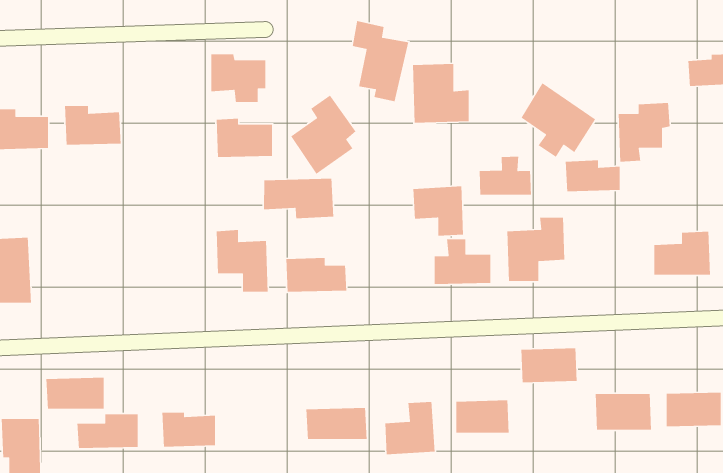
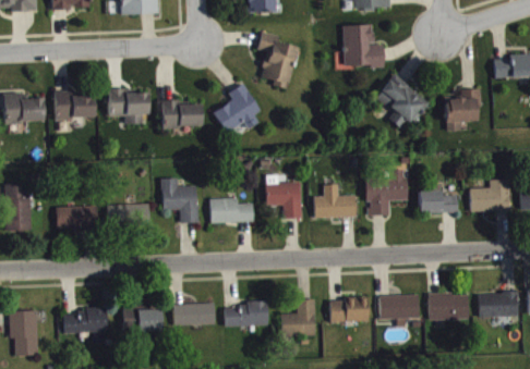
building: [211,53,266,103] -> [109,88,148,123]
building: [412,63,469,123] -> [344,24,384,66]
building: [479,156,532,196] -> none
building: [565,160,620,192] -> [419,189,458,212]
building: [263,178,334,219] -> none
building: [413,186,464,237] -> [266,182,302,218]
building: none -> [108,204,149,225]
building: [520,348,578,383] -> [380,294,420,319]
building: [46,377,104,409] -> [56,205,97,227]
building: none -> [173,303,215,325]

